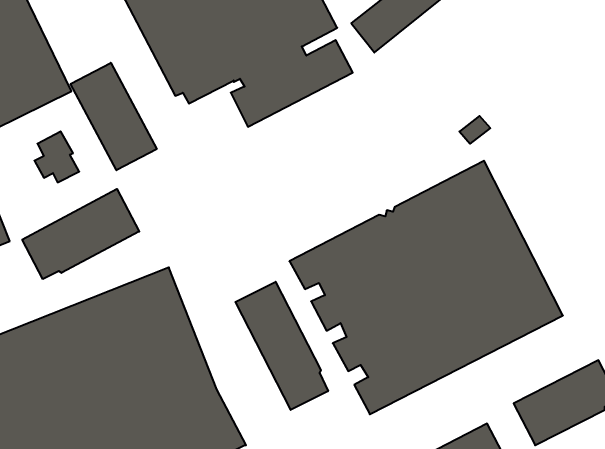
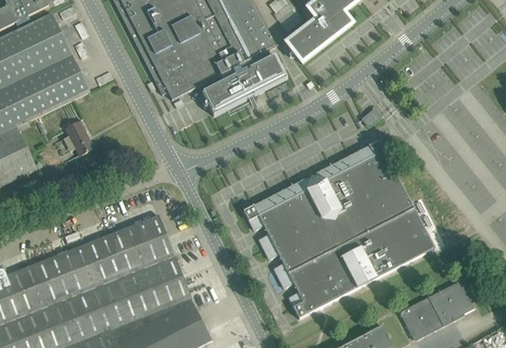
building: [71,63,157,170] -> none
building: [22,189,139,279] -> none
building: [235,282,328,410] -> none

